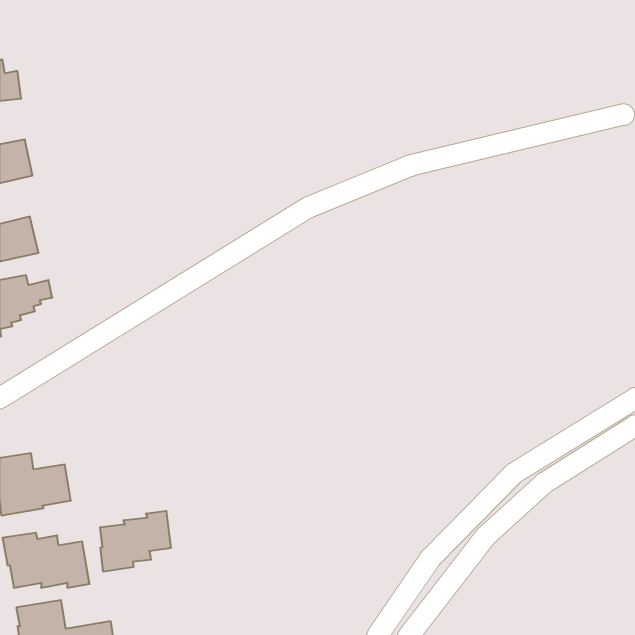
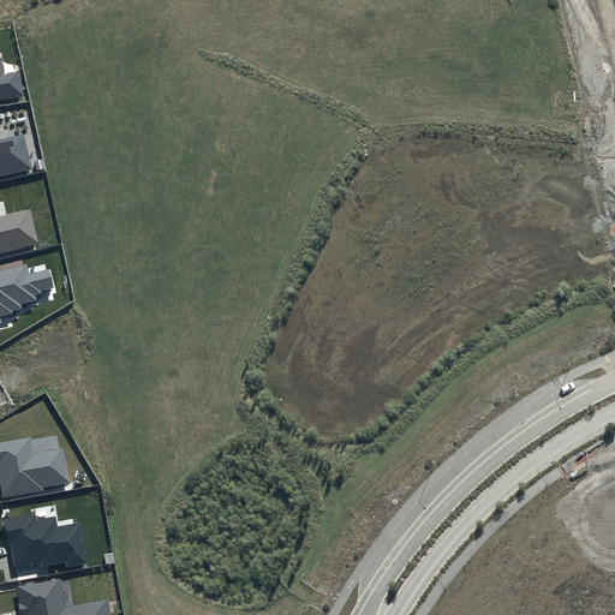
building: [100,511,171,572] -> none

